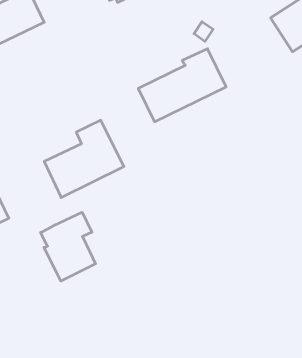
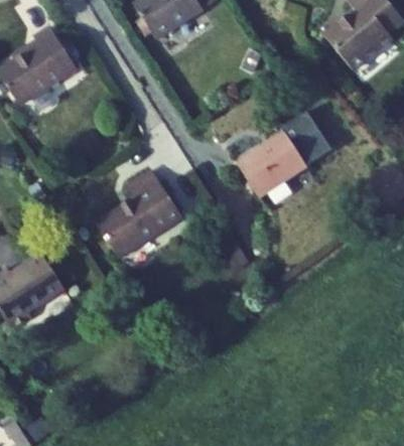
building: [138,49,226,122] -> [237,110,332,196]
building: [41,212,96,281] -> none

